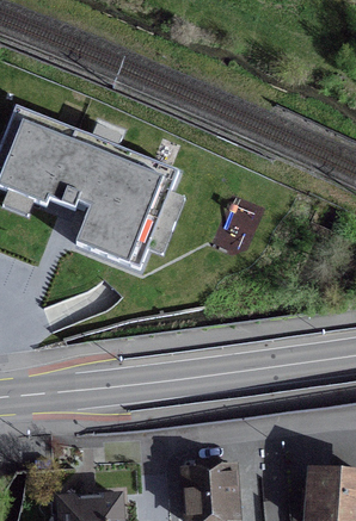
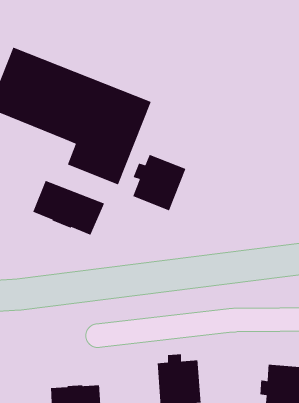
building: none -> [132,154,186,211]
building: none -> [32,180,105,236]

